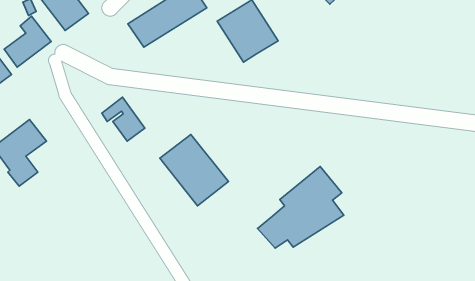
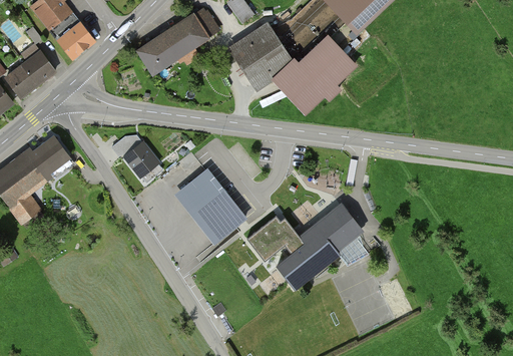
building: none -> [275,36,352,110]
building: none -> [32,134,73,175]
building: none -> [245,219,305,264]

